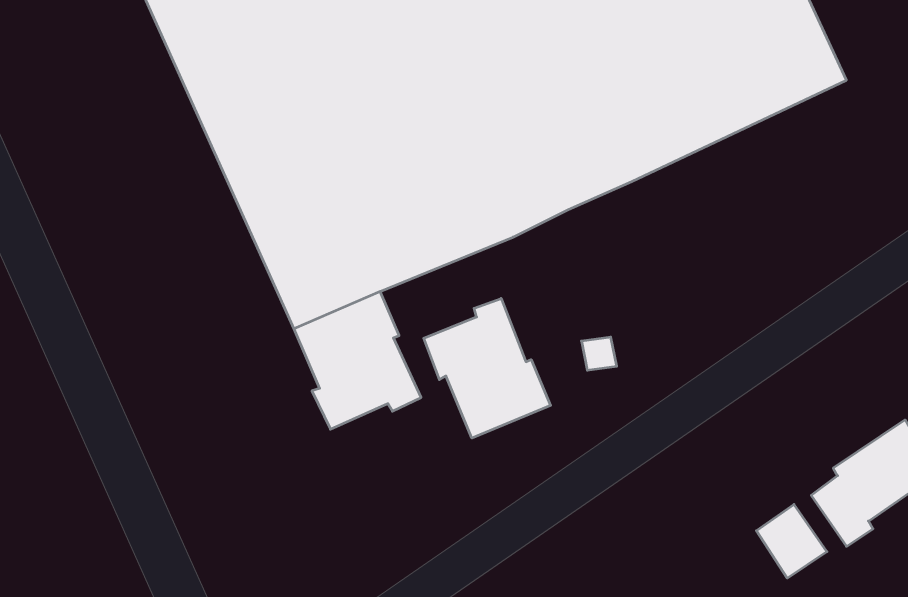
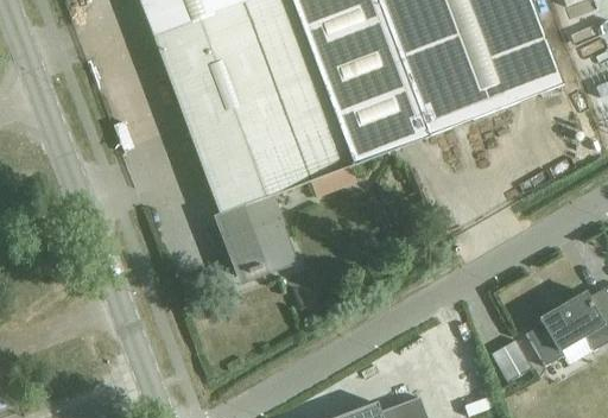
building: [424,298,551,438] -> none

